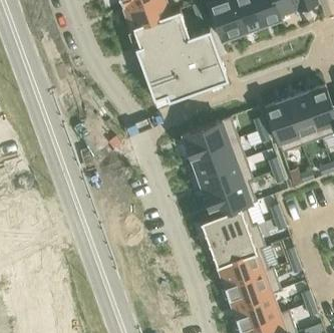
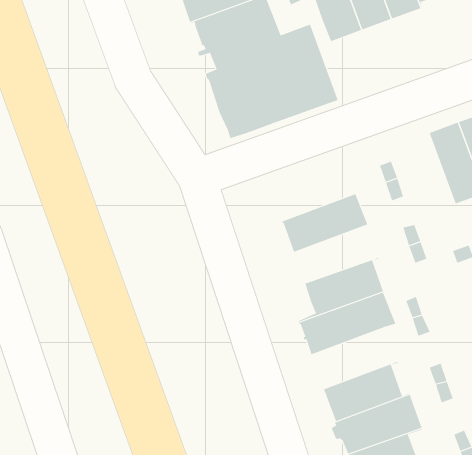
building: [265,99,302,152] -> none
building: [183,117,238,156] -> none
building: [198,158,253,197] -> none
building: [209,225,265,265] -> none

